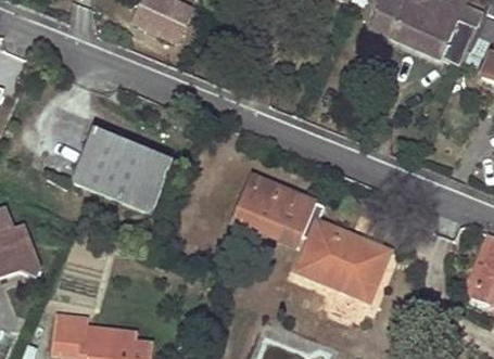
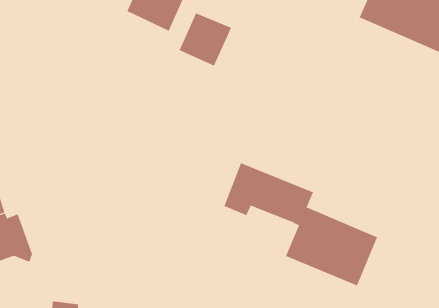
building: none -> [179,12,232,66]
building: [73,129,172,214] -> none

